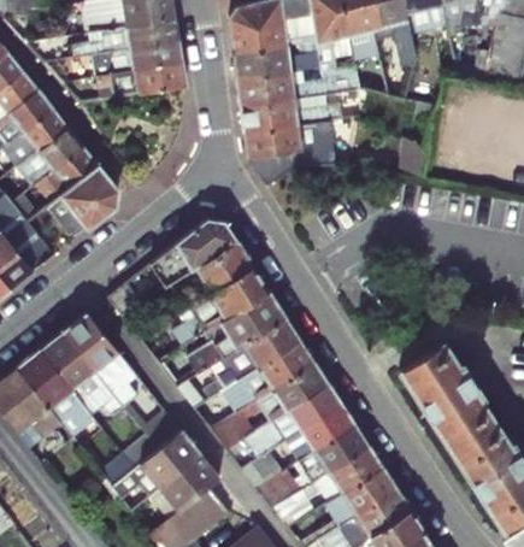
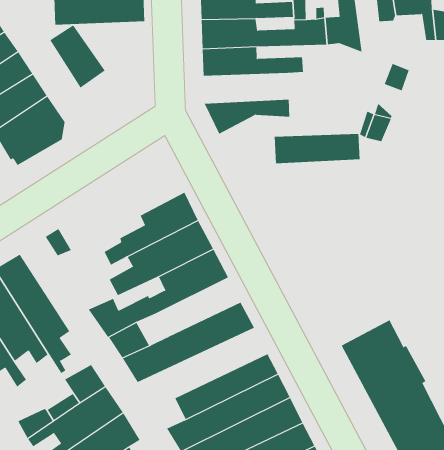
building: none -> [50,25,105,88]
building: [243,120,326,157] -> [274,134,361,164]
building: [152,220,237,282] -> none
building: [222,317,300,378] -> none
building: [211,361,330,446] -> none

